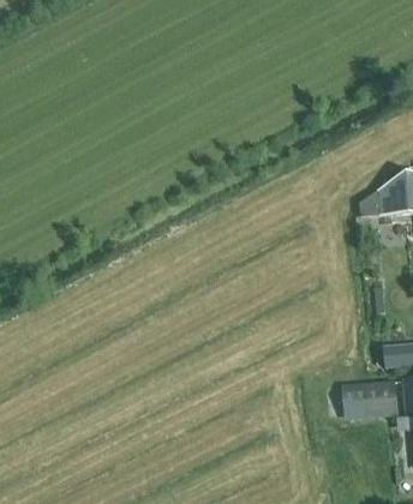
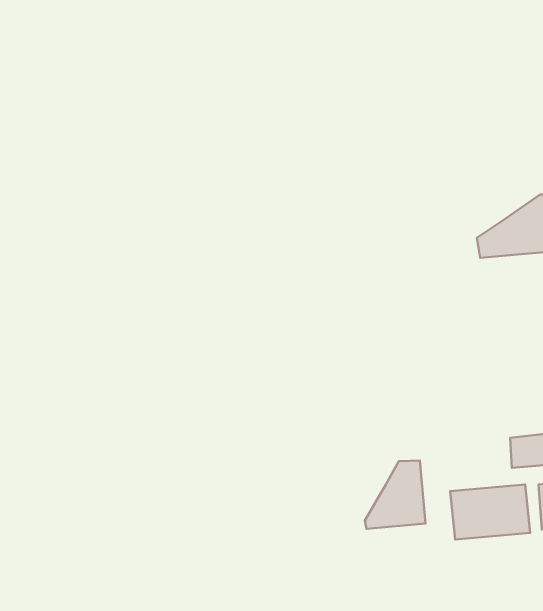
building: none -> [365,461,425,529]

